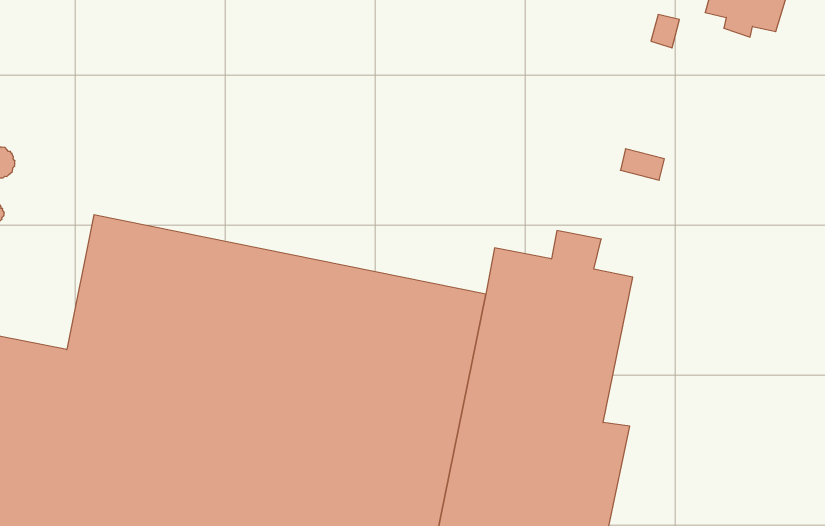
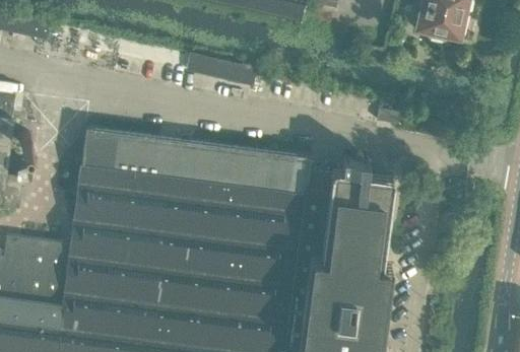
building: none -> [189,55,256,86]
building: none -> [82,128,312,196]

